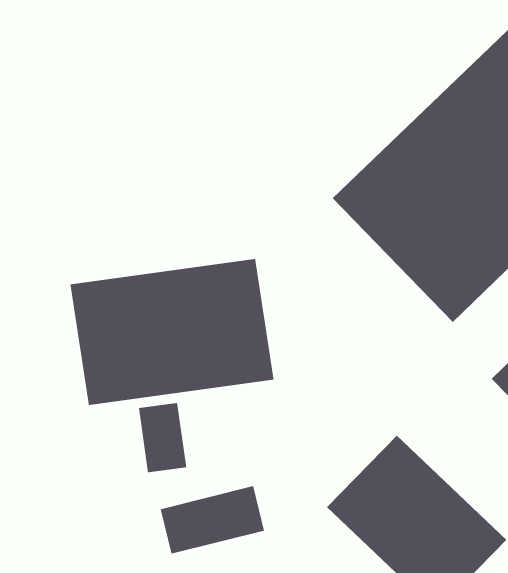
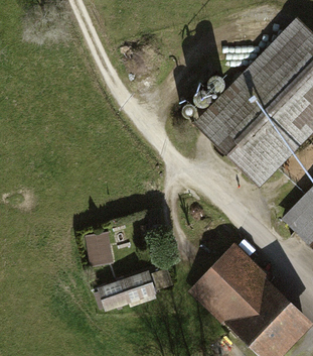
building: [70,258,274,406] -> none

